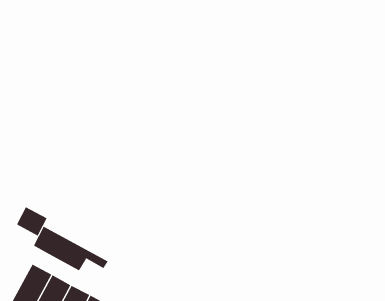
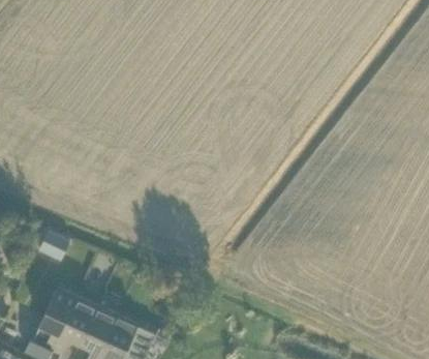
building: [33,226,109,271] -> none

